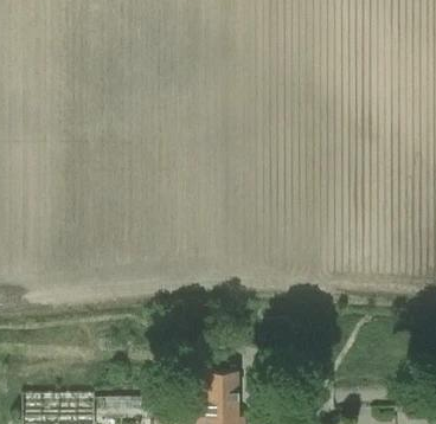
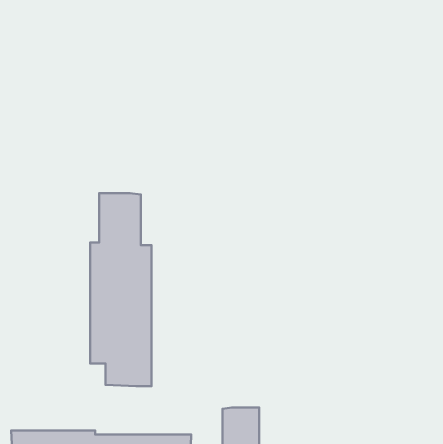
building: none -> [90,193,151,386]

